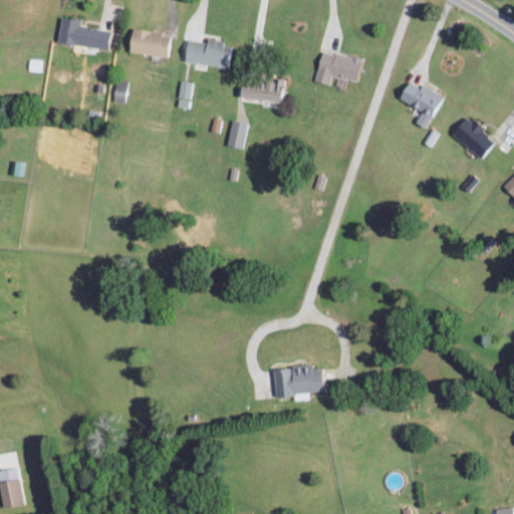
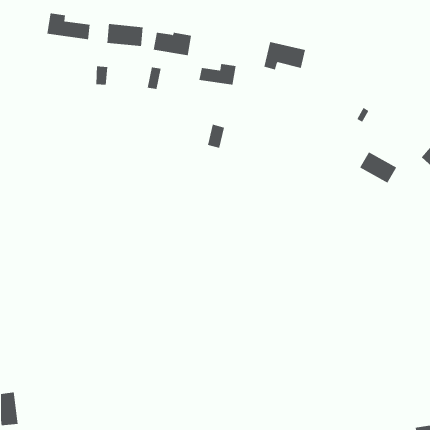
building: [399,81,445,130] -> none
building: [451,118,496,157] -> [359,151,397,183]
building: [228,120,249,150] -> [207,124,225,148]
building: [274,366,321,401] -> none

